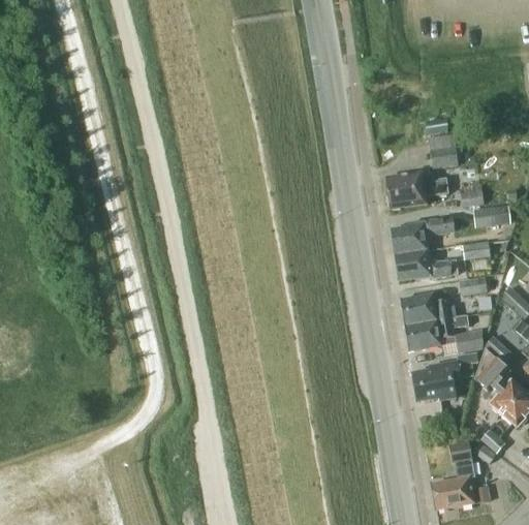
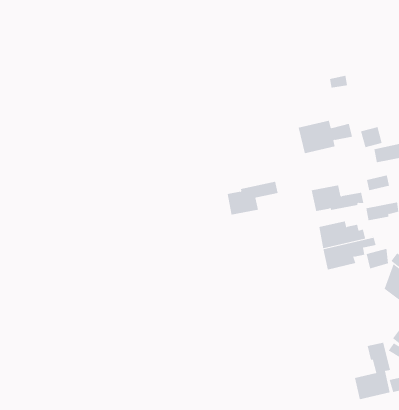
building: [429,132,458,167] -> none
building: [392,216,454,253] -> [227,181,278,215]
building: [413,351,477,400] -> none

